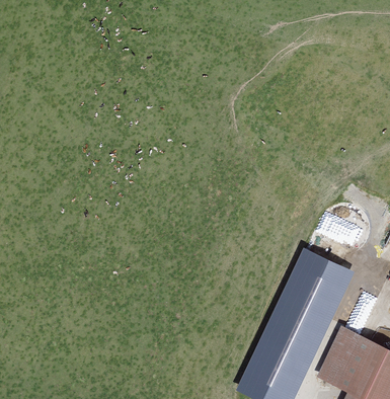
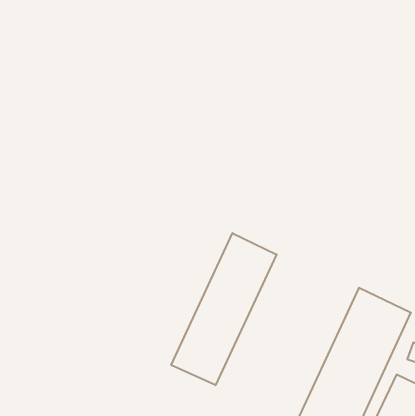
building: none -> [171,233,277,385]

